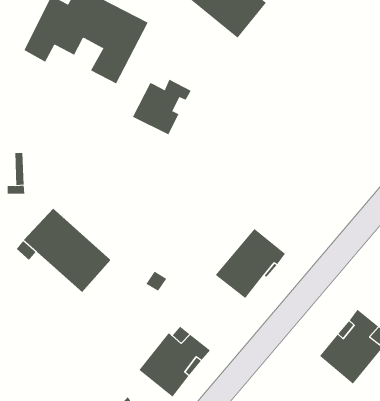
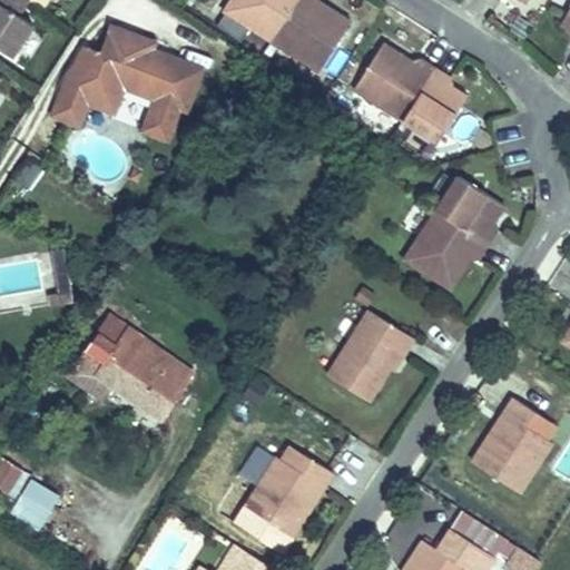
building: none -> [353,42,466,142]
building: [132,79,192,135] -> none
building: none -> [404,176,503,288]

